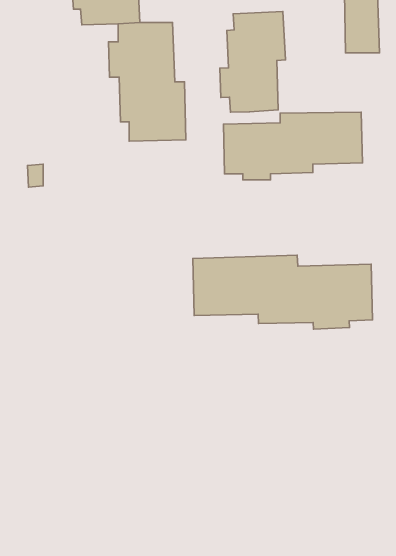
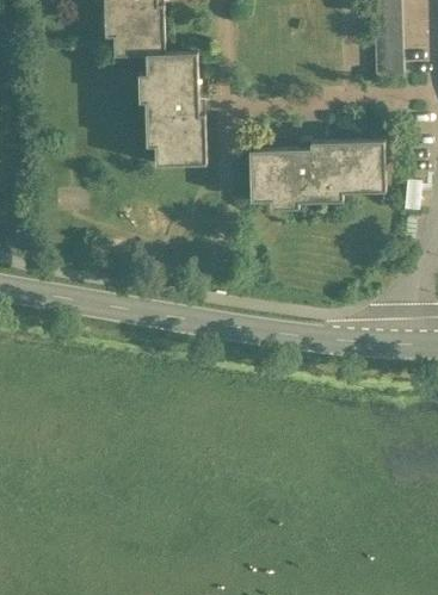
building: [220,11,285,112] -> none
building: [193,255,372,329] -> none

